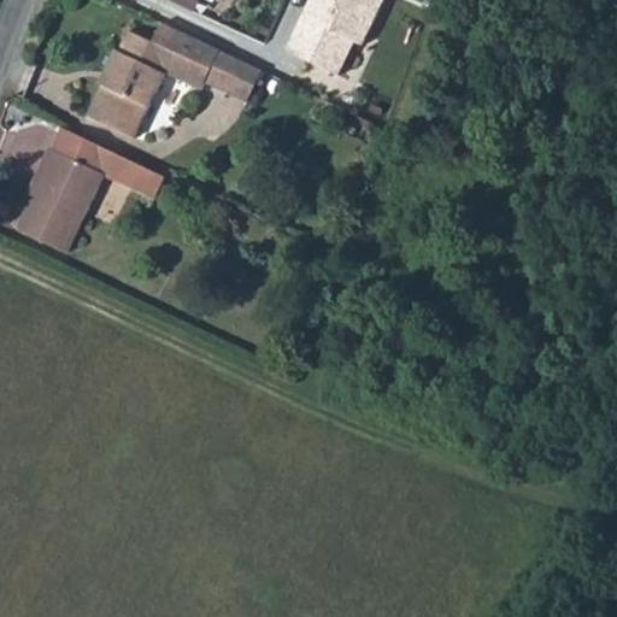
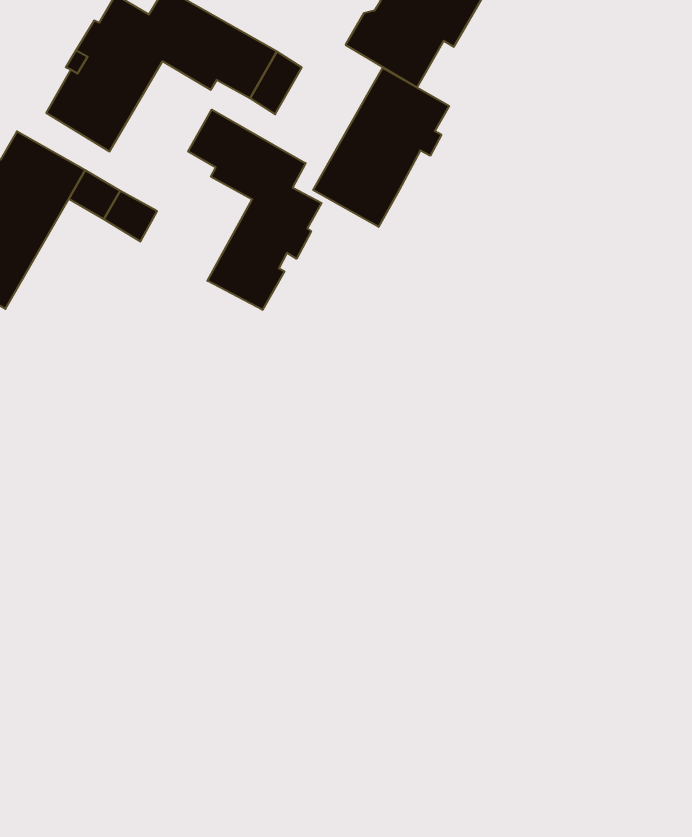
building: none -> [313,68,449,227]
building: none -> [188,110,322,310]

